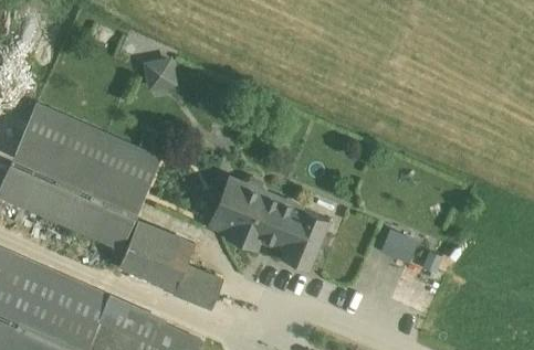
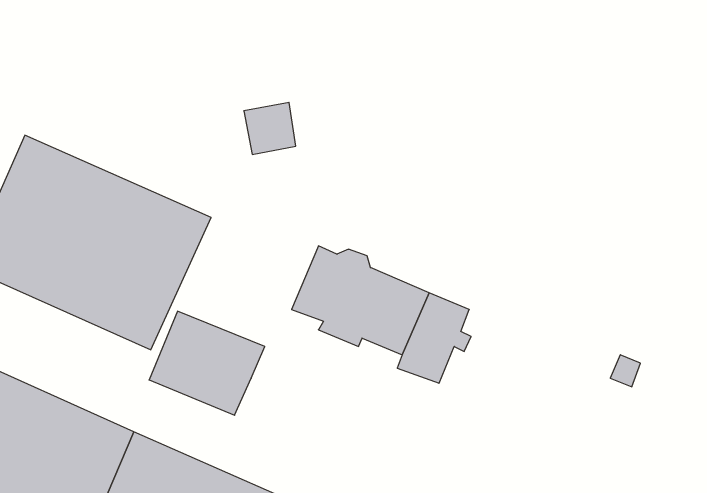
building: [145,55,179,89] -> [244,102,296,154]
building: [381,229,420,264] -> none
building: [172,267,221,310] -> none

